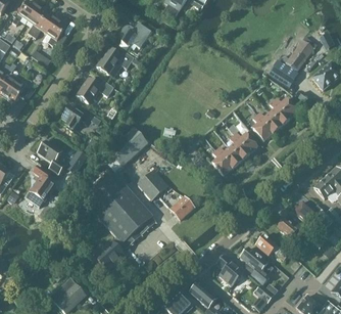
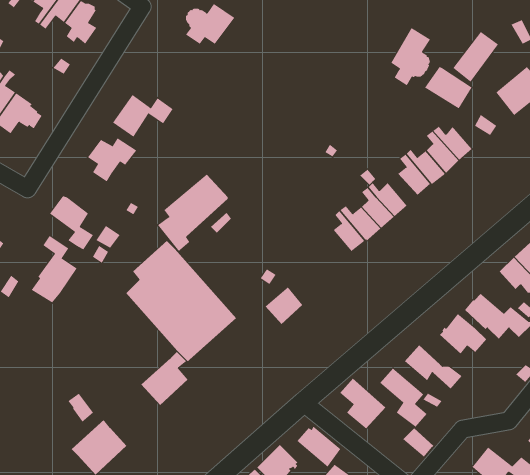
building: none -> [391,27,431,86]
building: [96,48,134,78] -> none
building: [137,169,166,198] -> none

